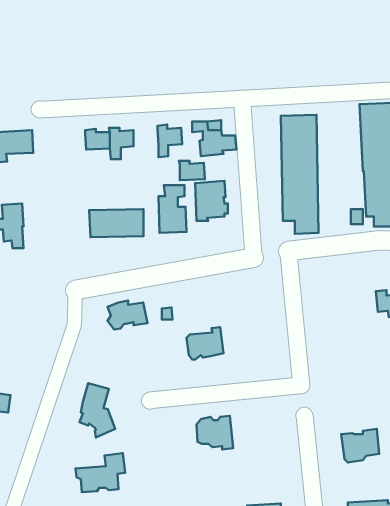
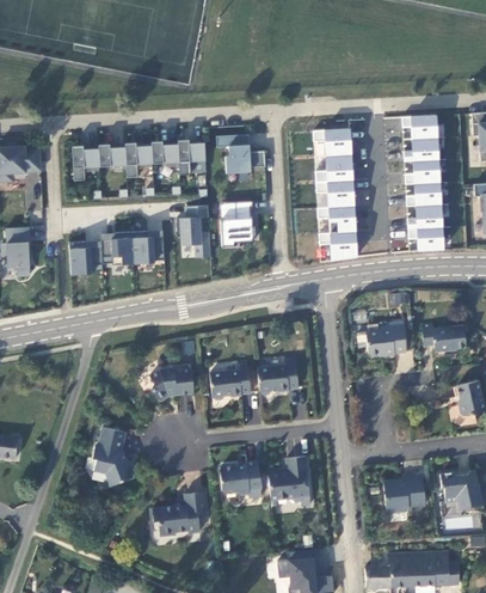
building: none -> [72,146,99,182]
building: [179,161,205,180] -> [150,142,179,164]
building: none -> [69,243,98,275]
building: none -> [364,324,405,359]
building: [108,300,148,330] -> [150,367,195,399]
building: none -> [257,360,299,395]
building: none -> [267,456,309,505]
building: [75,453,125,492] -> [150,491,205,534]

